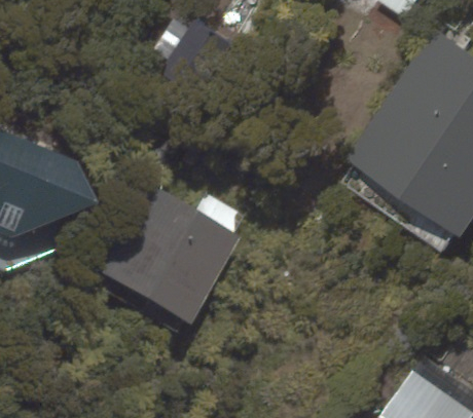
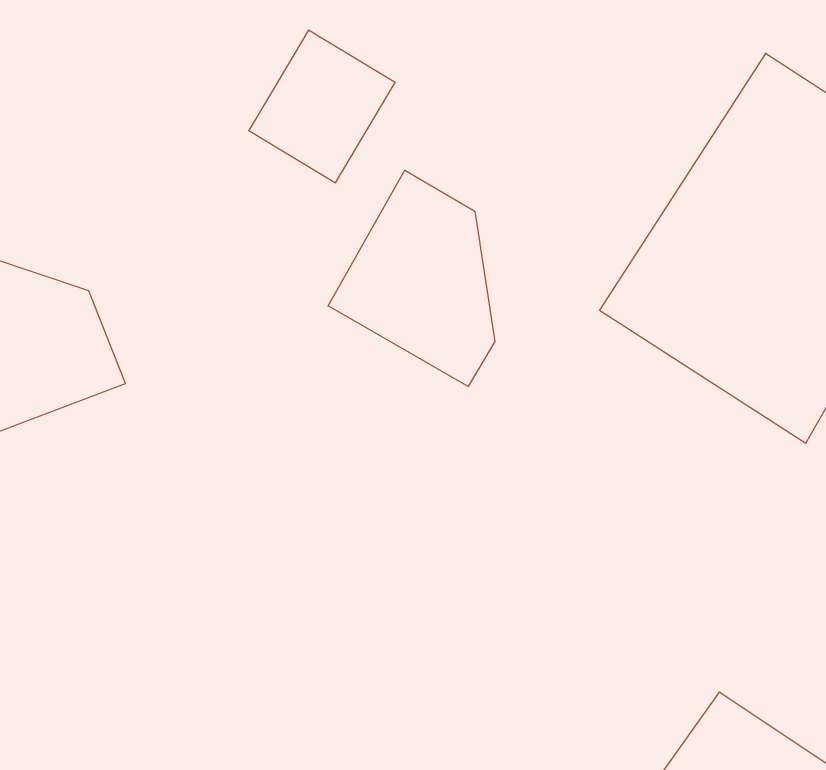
building: none -> [328,170,495,387]
building: [104,186,241,325] -> none

